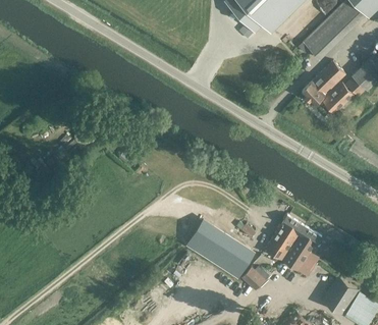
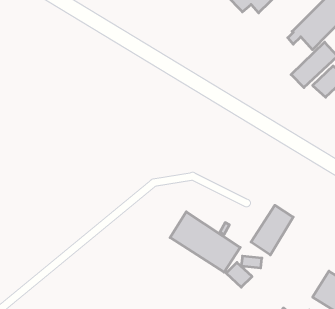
building: [281,224,320,274] -> none

